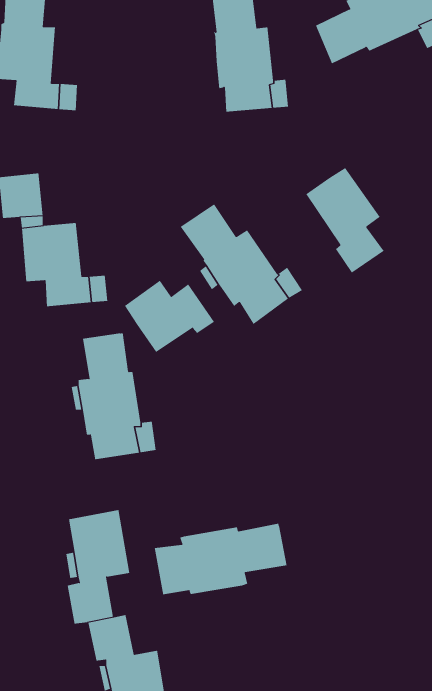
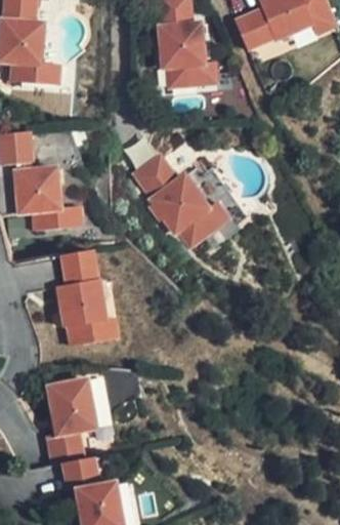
building: [305,167,385,274] -> none
building: [124,280,215,353] -> none
building: [154,523,287,595] -> none

